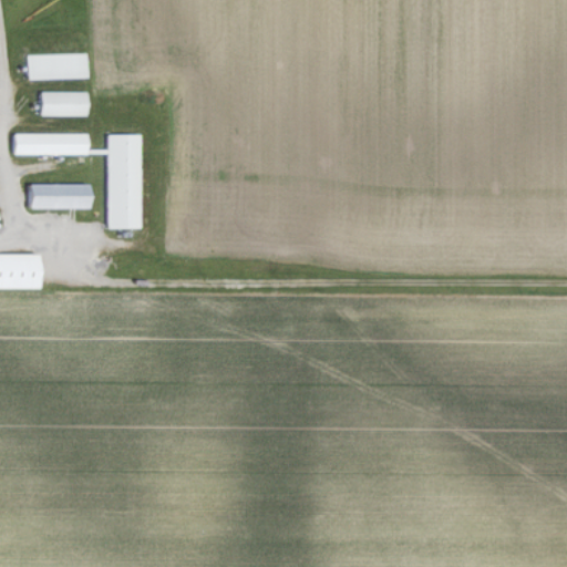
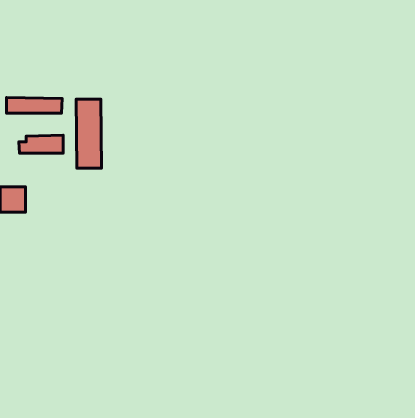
building: [28,54,89,80] -> none
building: [41,92,89,116] -> none

